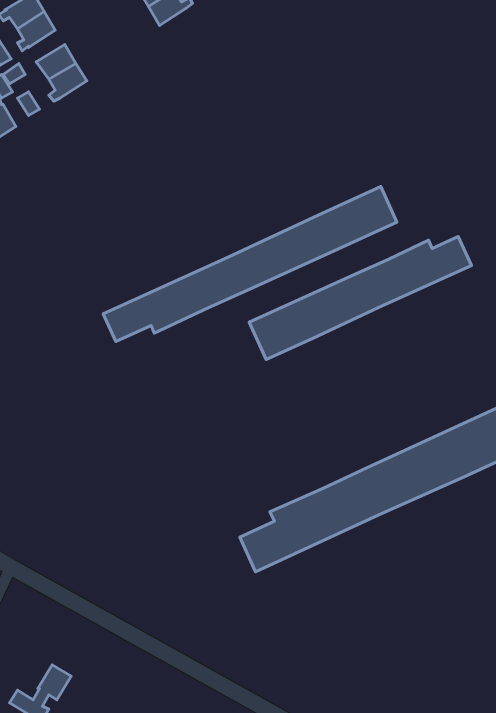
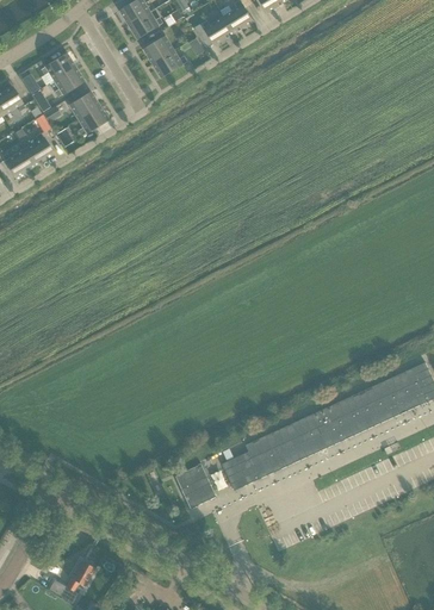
building: [103,187,397,342] -> none
building: [249,236,472,360] -> none
building: none -> [175,463,217,509]

